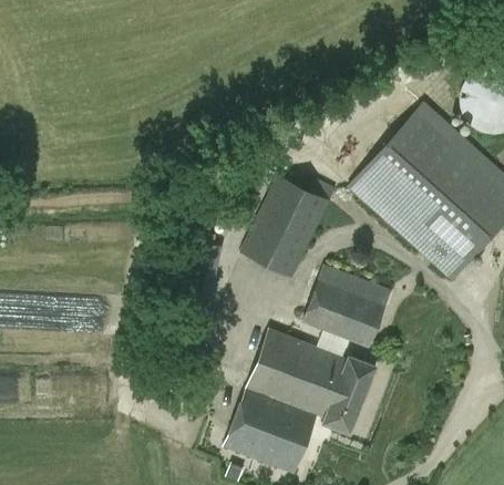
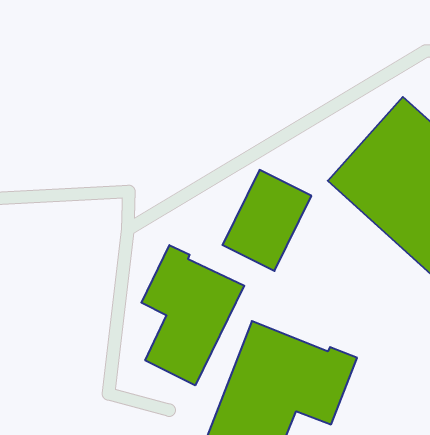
building: none -> [141,245,244,385]
building: [302,265,391,349] -> none

